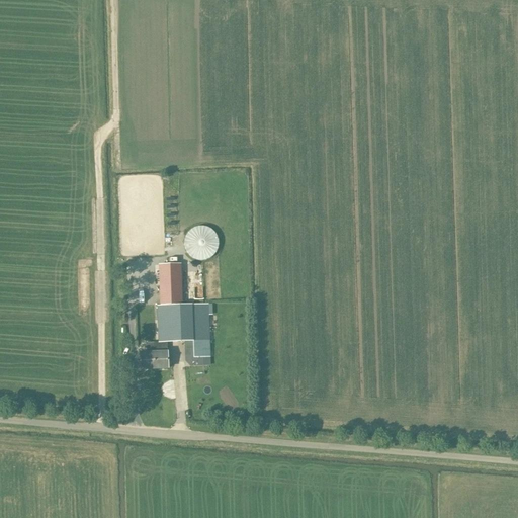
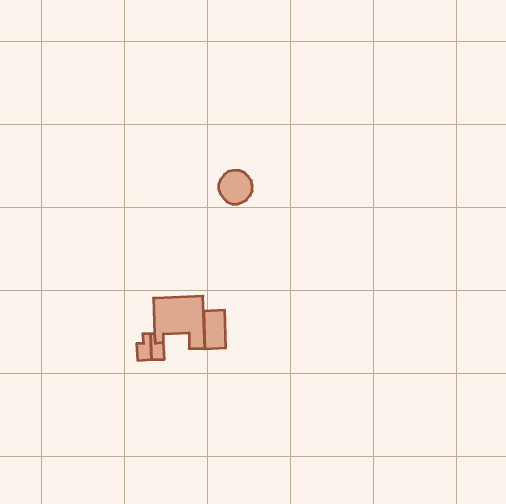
building: [184,225,219,259] -> [219,170,252,204]
building: [159,264,181,304] -> [204,310,226,349]

